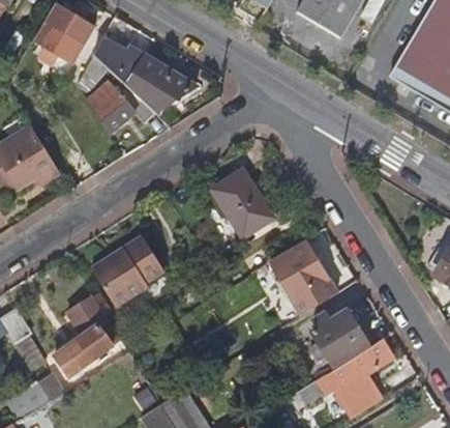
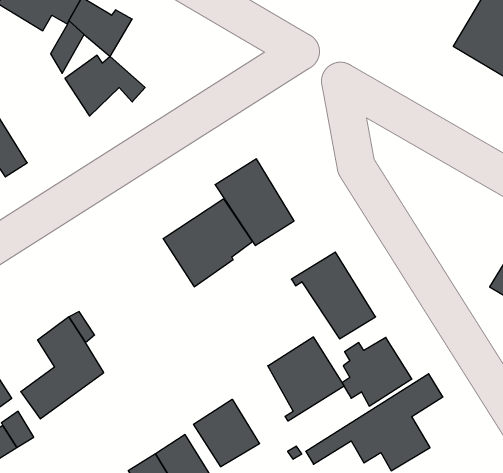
building: [126,54,196,111] -> none
building: [90,234,161,305] -> [163,199,252,287]
building: none -> [268,337,344,421]
building: none -> [194,399,260,467]

